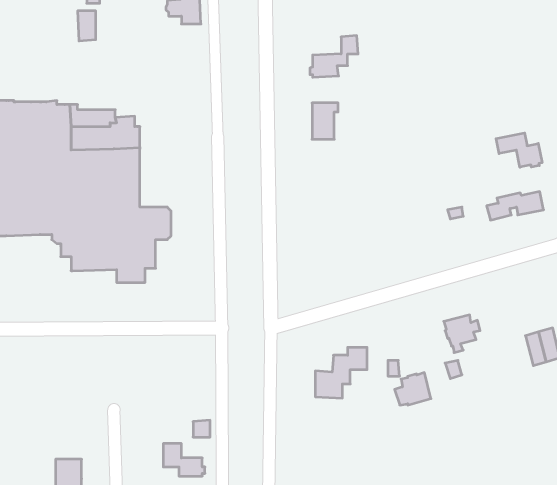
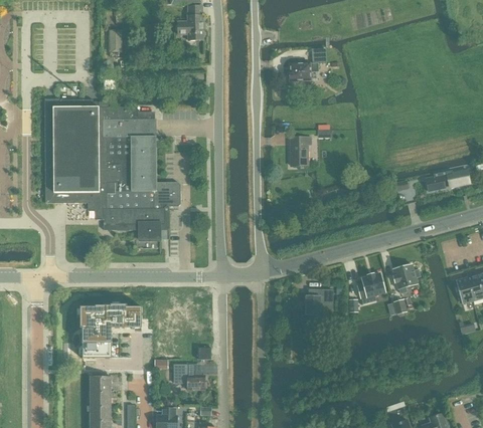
building: [312,103,338,139] -> [290,137,310,165]
building: [496,133,542,167] -> none
building: none -> [79,304,141,358]
building: [395,373,431,405] -> [356,272,384,297]

